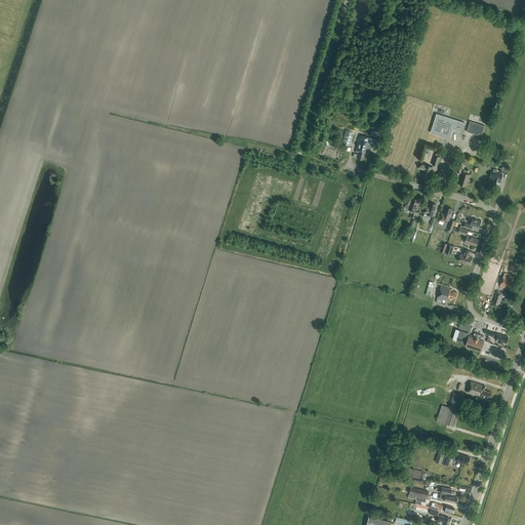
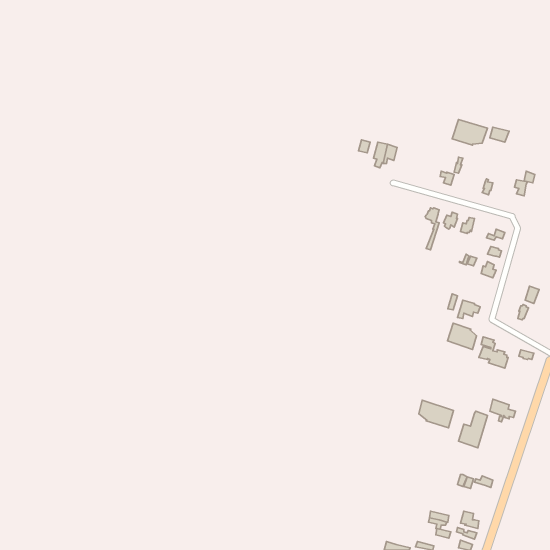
building: none -> [448,323,477,349]
building: none -> [419,400,454,428]

